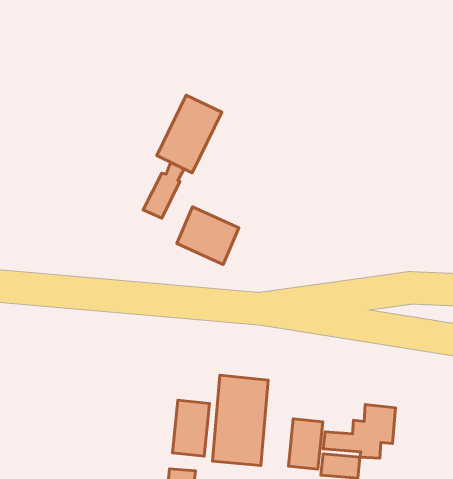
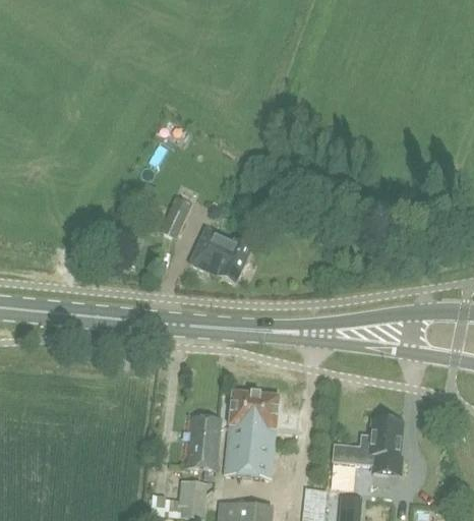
building: [157,95,222,173] -> none
building: [288,419,323,469] -> none

